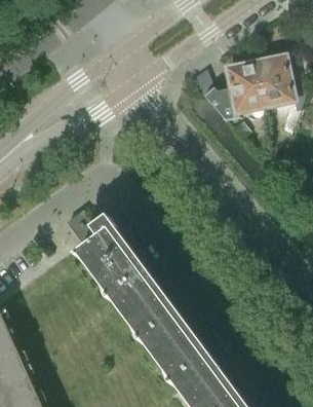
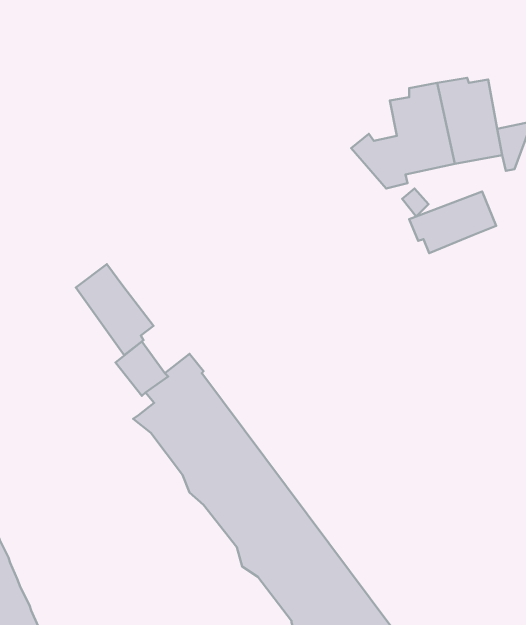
building: none -> [409,192,496,253]
building: none -> [76,264,153,355]

